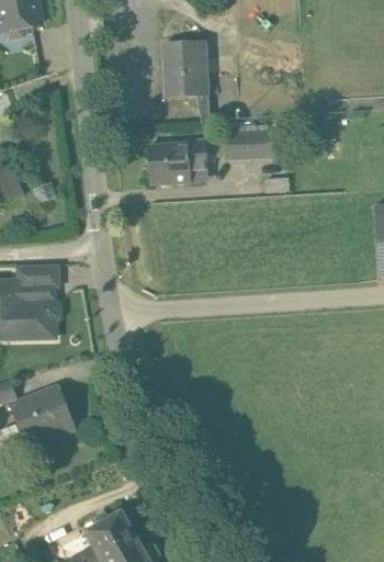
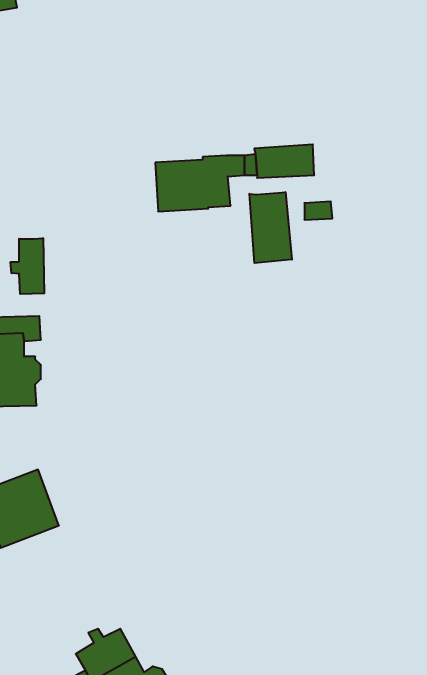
building: [167,40,210,103] -> none
building: none -> [249,192,292,263]
building: none -> [11,238,44,294]

